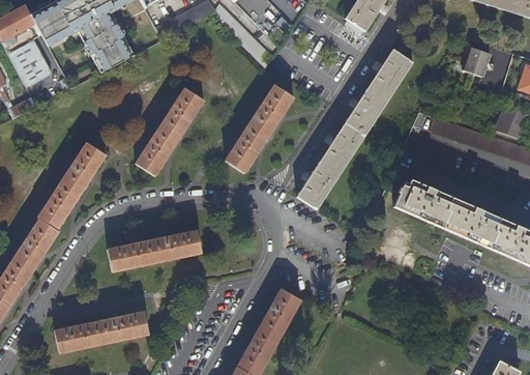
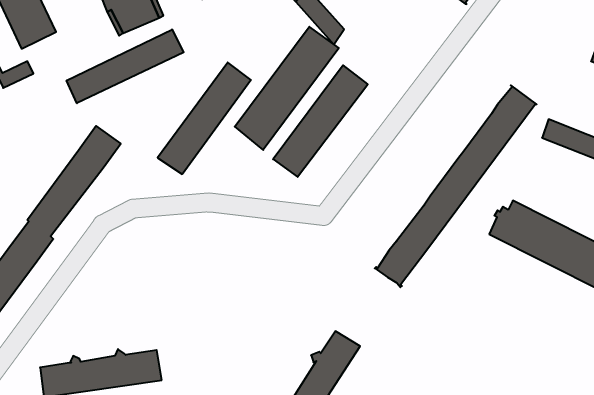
building: [296,50,413,210] -> [375,85,537,287]
building: none -> [235,27,339,150]
building: none -> [67,29,184,103]
building: [108,230,202,271] -> none

